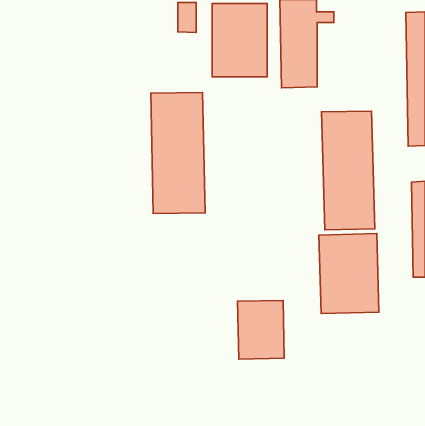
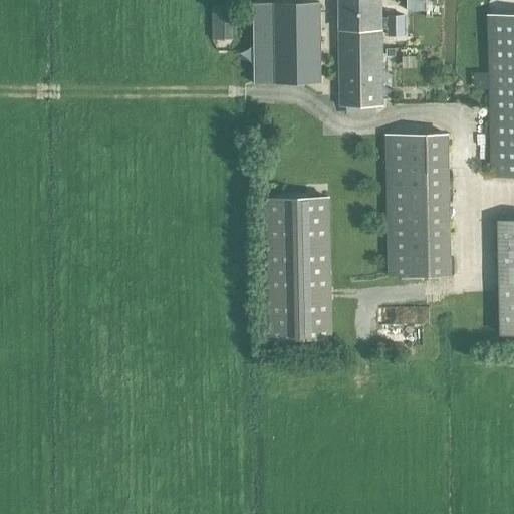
building: [151,92,205,214] -> [267,195,332,340]
building: [319,234,379,314] -> none
building: [238,300,284,359] -> none

